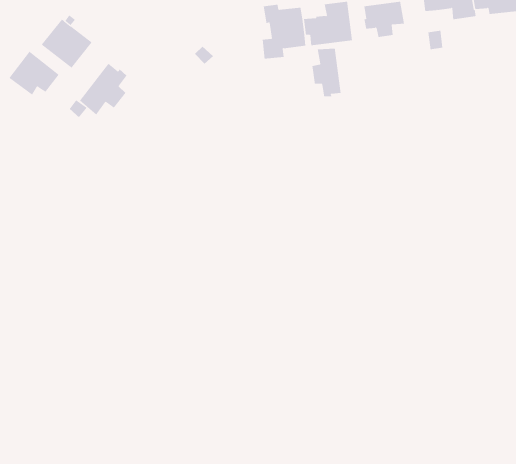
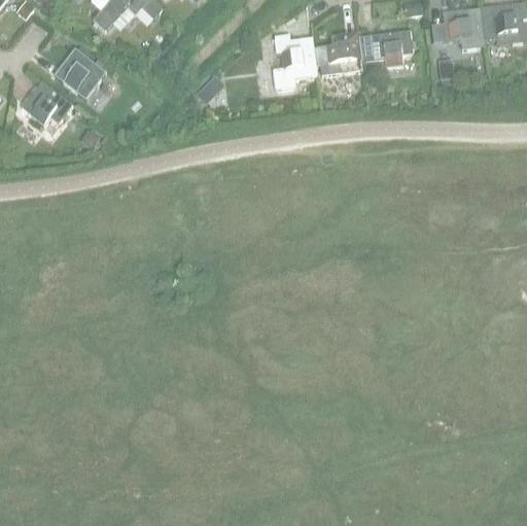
building: [312,48,341,97] -> none
building: [79,63,127,116] -> none

